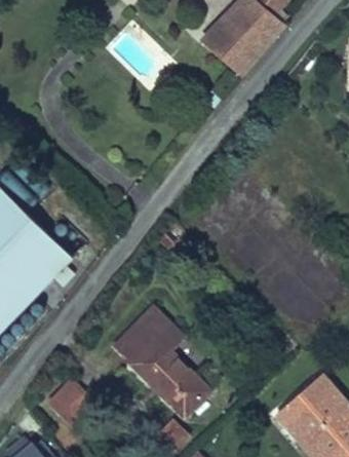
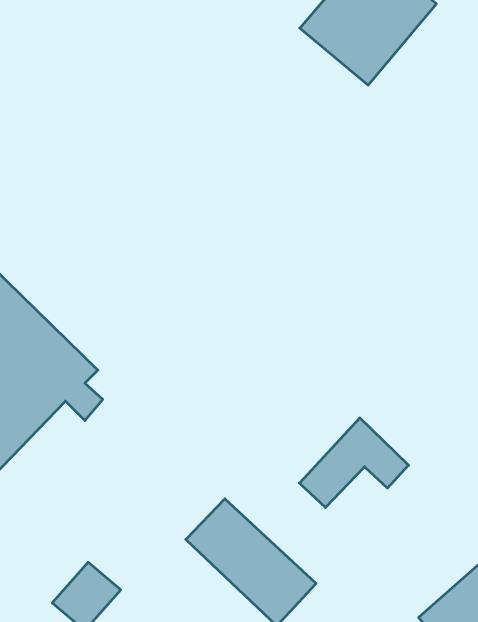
building: [113,306,182,363] -> [299,418,409,508]

